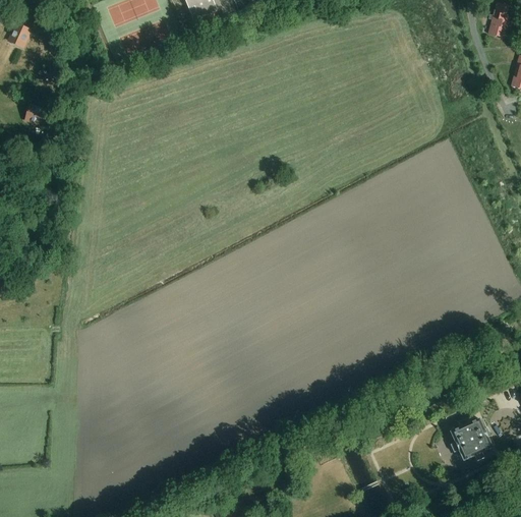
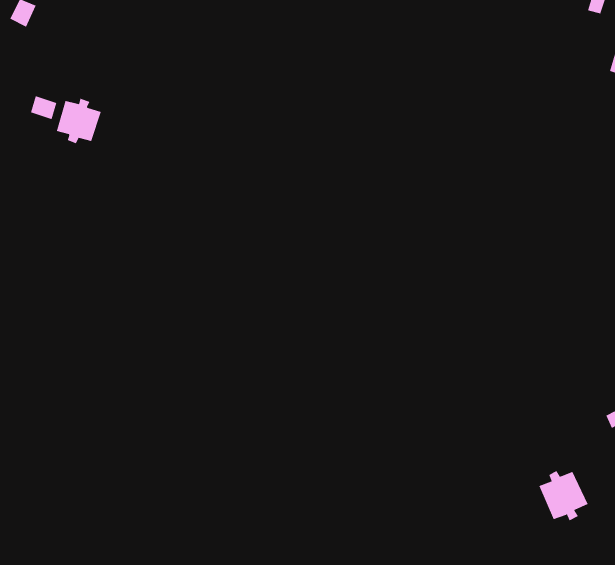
building: none -> [56,98,102,144]

